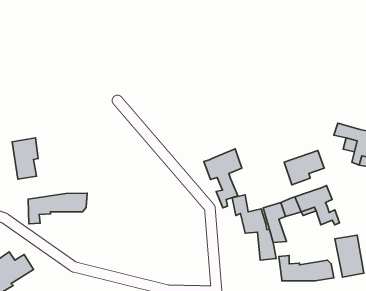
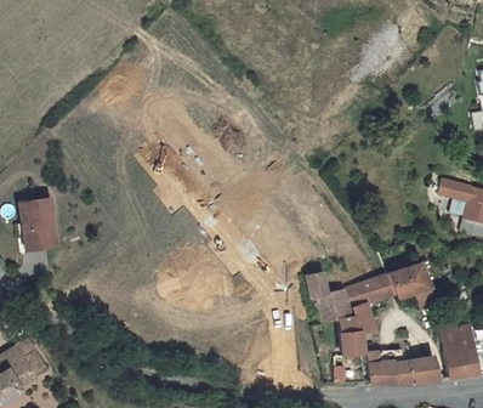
building: [204,149,242,208] -> none
building: [284,150,324,185] -> none
building: [28,193,87,224] -> none

